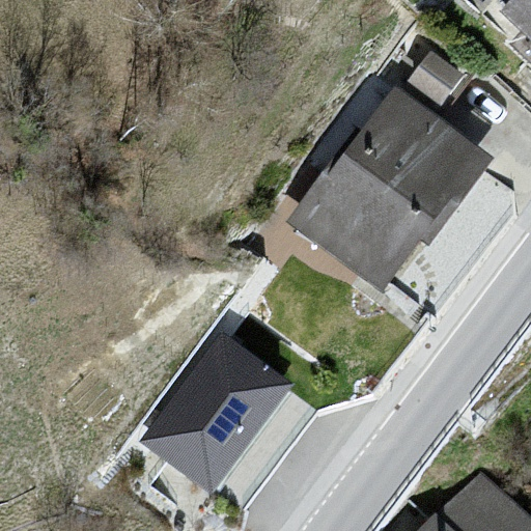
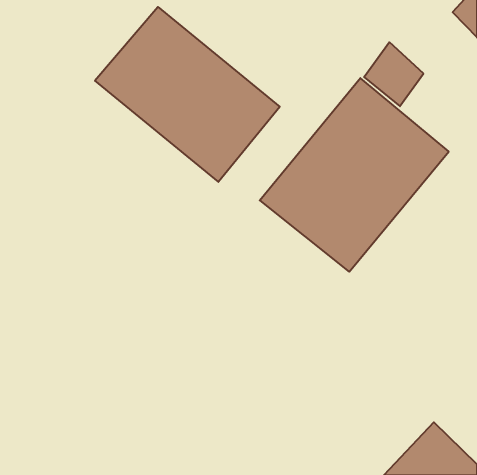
building: none -> [95,7,280,182]
building: [132,324,298,500] -> none

